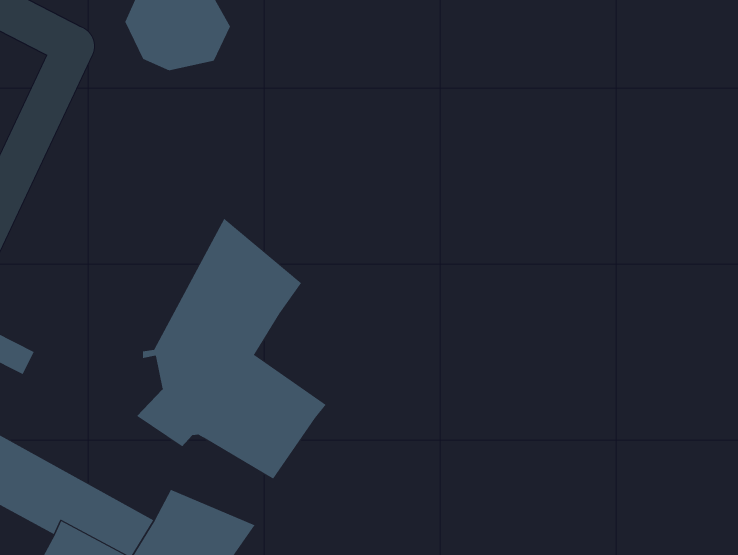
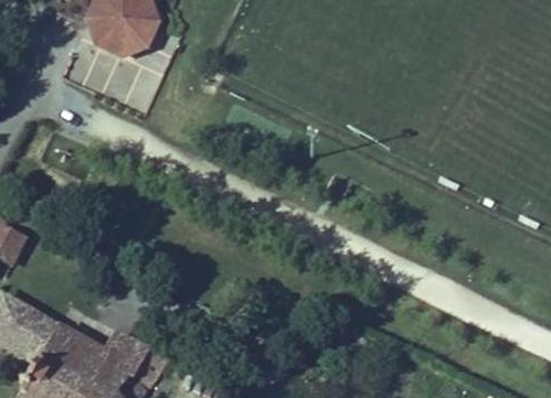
building: [136,218,327,479] -> none

